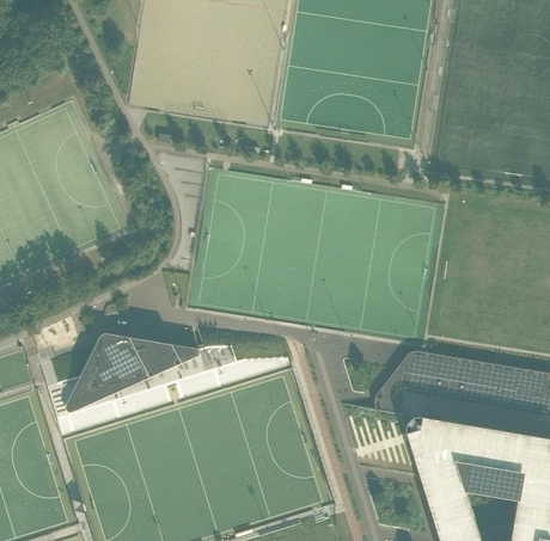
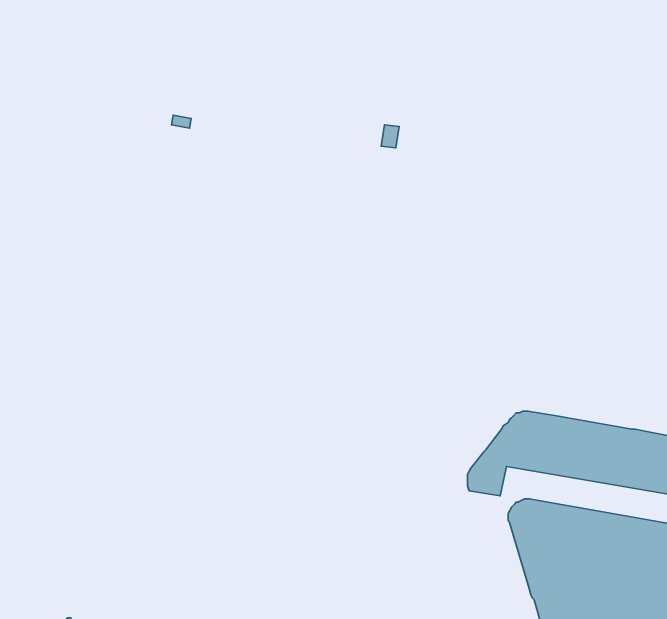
building: [48,332,216,418] -> none

